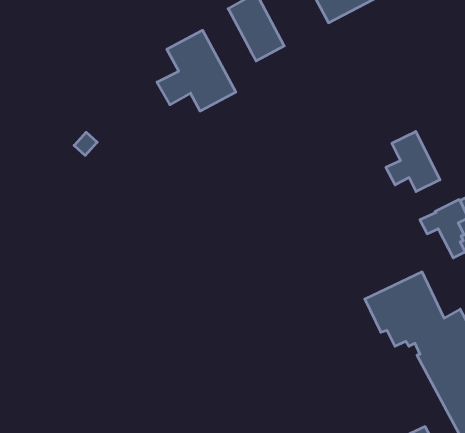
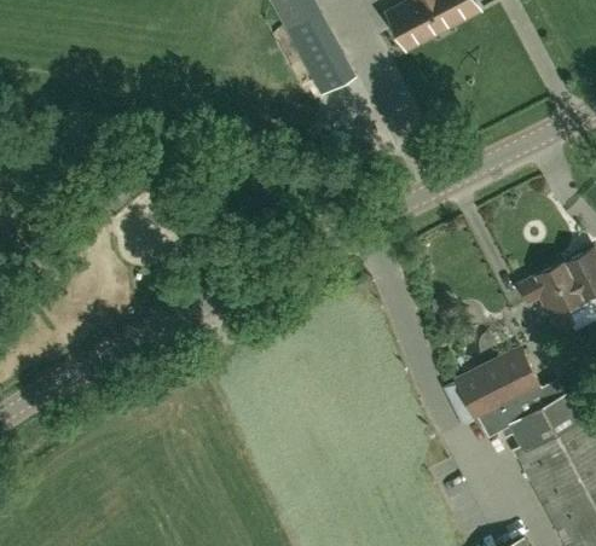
building: [157,30,236,111] -> none
building: [386,131,440,192] -> none

